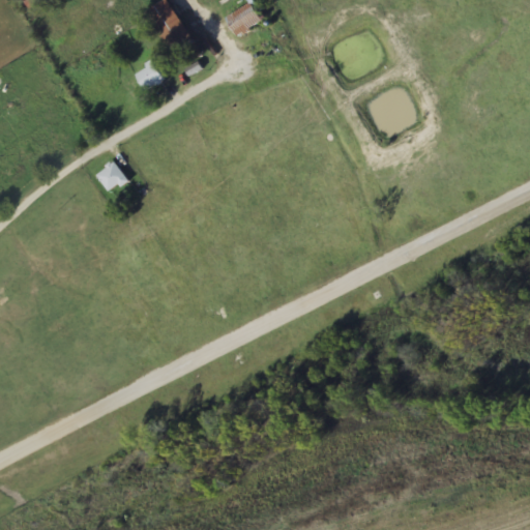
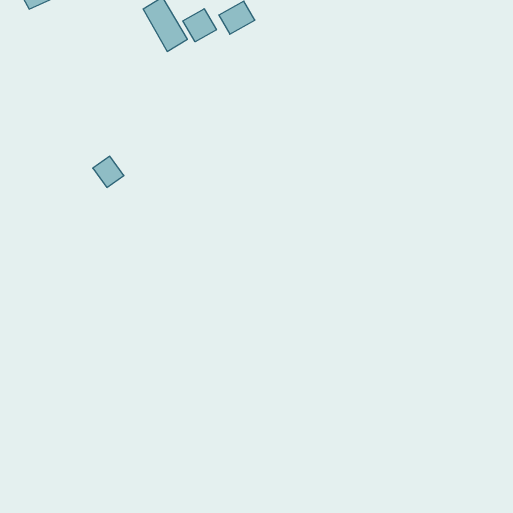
building: none -> [183,9,216,42]
building: [135,61,163,89] -> none

